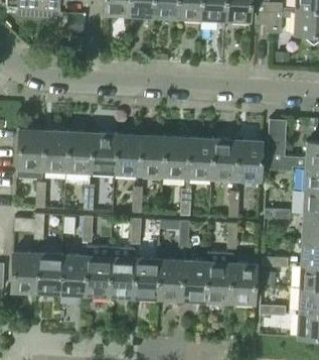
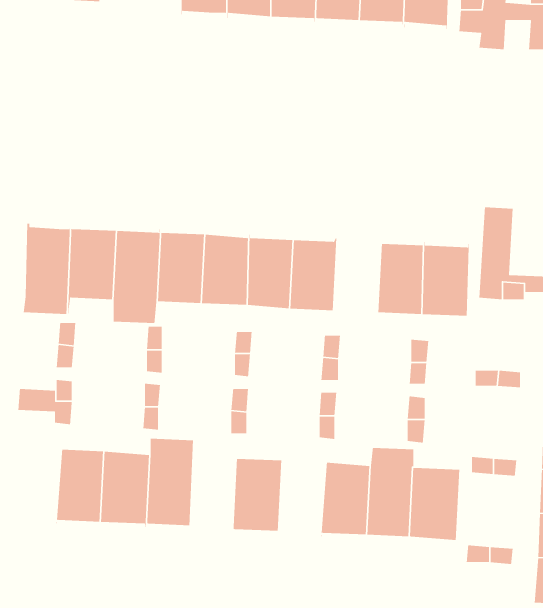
building: [187,137,213,178] -> none
building: [109,248,135,299] -> none
building: [11,252,38,294] -> none
building: [157,259,183,302] -> none

